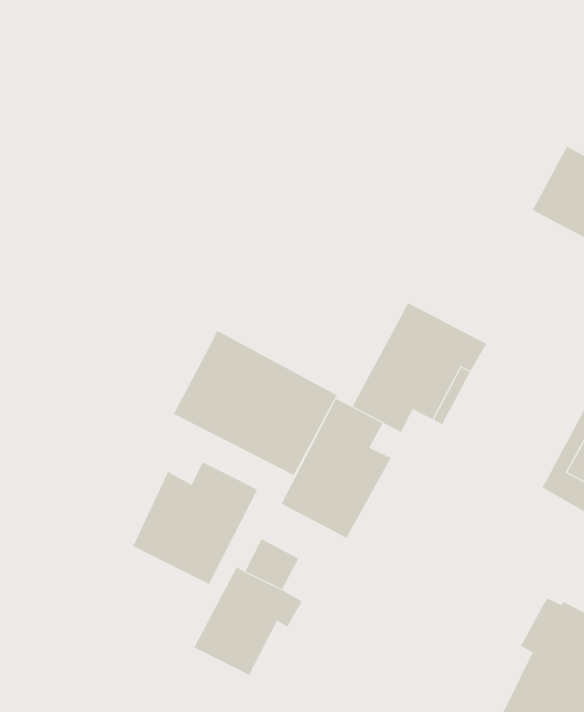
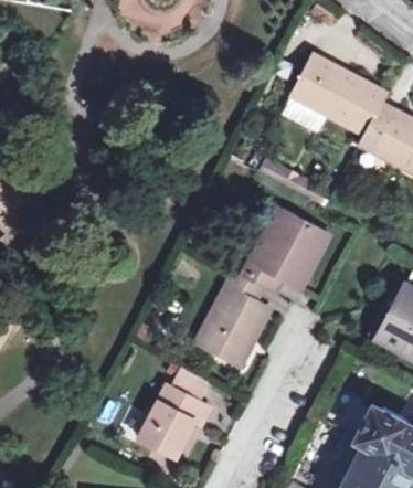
building: none -> [295,55,391,137]
building: [173,330,337,476] -> none
building: [132,462,258,585] -> none

